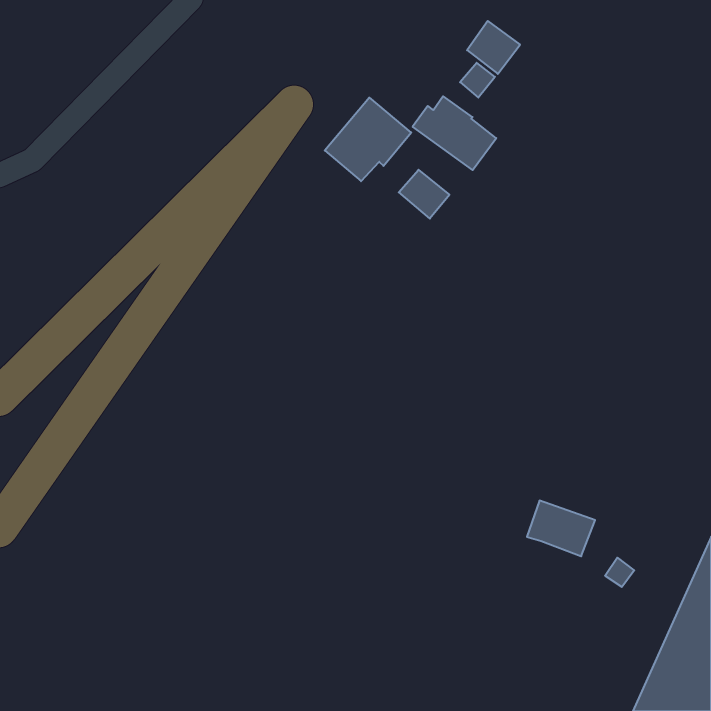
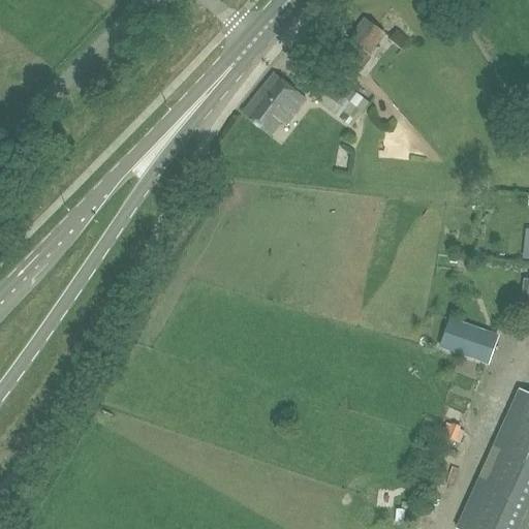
building: [399,170,449,219] -> none
building: [527,501,595,556] -> [447,320,498,362]

